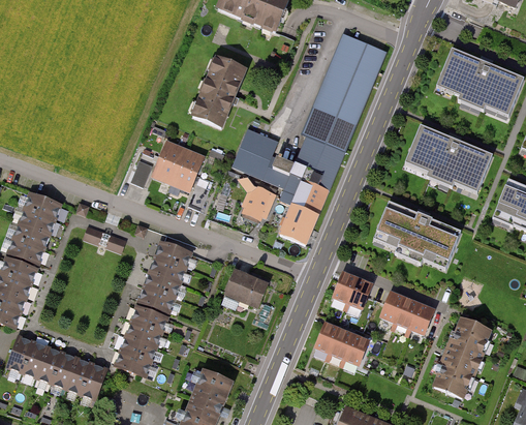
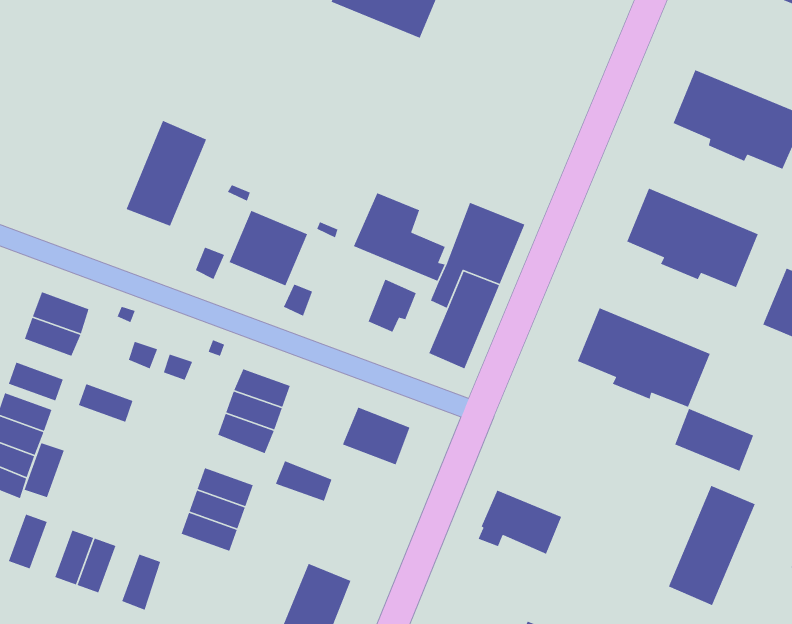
building: [303,35,383,150] -> none
building: [191,57,244,126] -> [126,120,207,227]
building: [13,224,50,250] -> [78,383,134,423]
building: [333,272,370,307] -> none
building: [137,286,175,313] -> [275,460,332,502]
building: [380,292,432,333] -> [674,408,754,472]
building: [23,342,50,378] -> [23,442,65,498]
building: [115,351,152,377] -> none
building: [67,358,93,394] -> none

